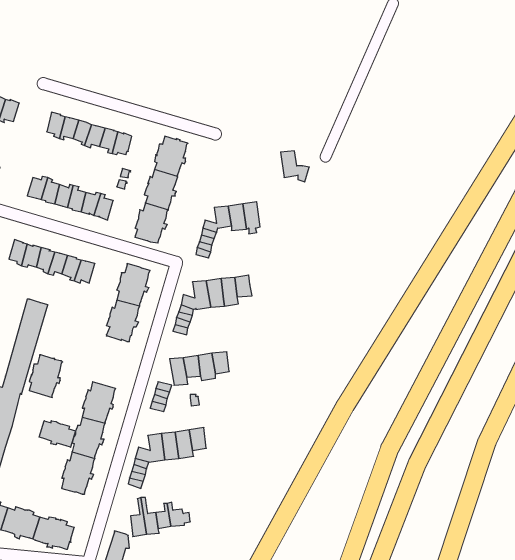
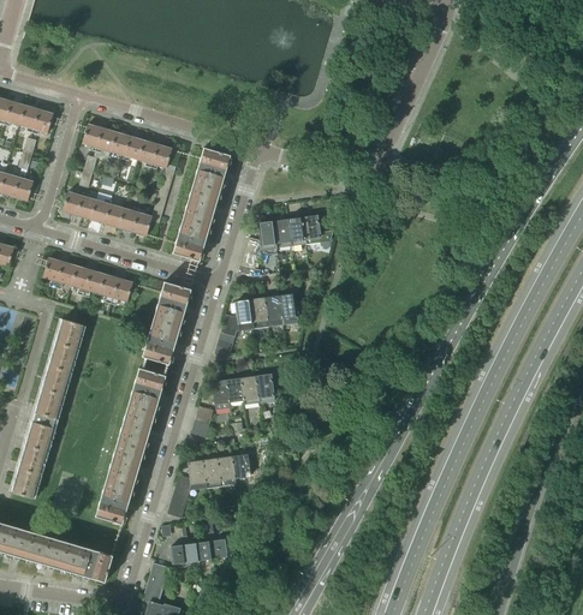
building: [281,151,309,182] -> [303,215,333,247]
building: [29,355,63,397] -> [131,368,166,412]
building: [39,421,76,447] -> none

